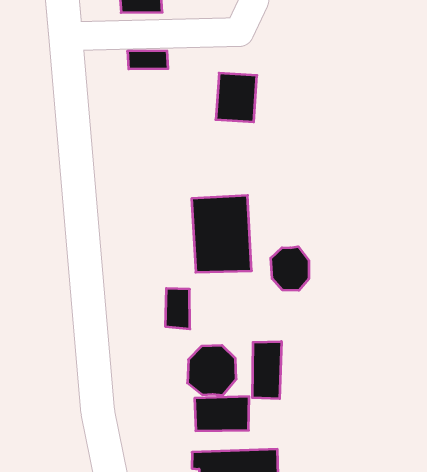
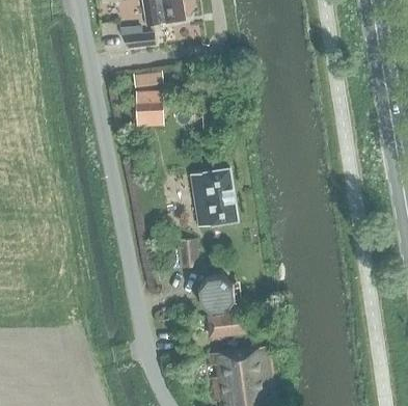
building: [216,73,257,122] -> [135,91,163,126]
building: [271,247,309,290] -> none
building: [252,341,281,399] -> none

